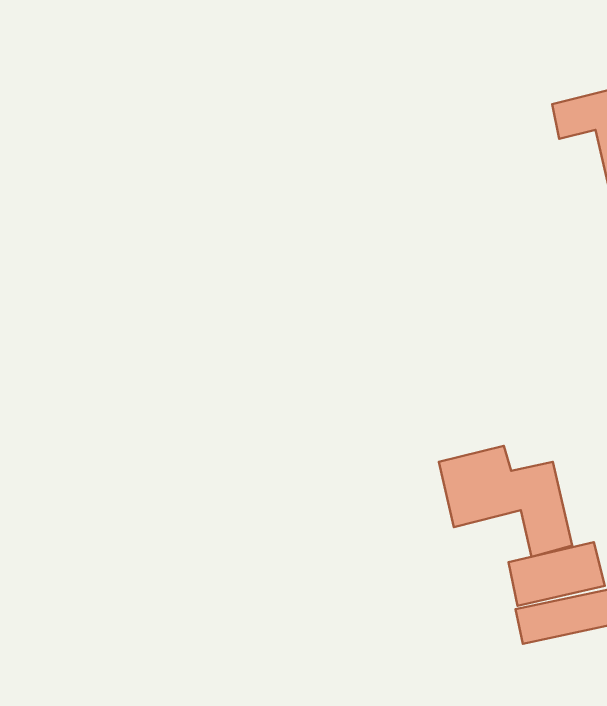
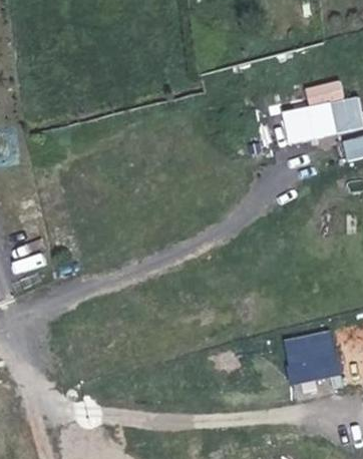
building: none -> [282,106,316,144]
building: [439,446,572,557] -> none

